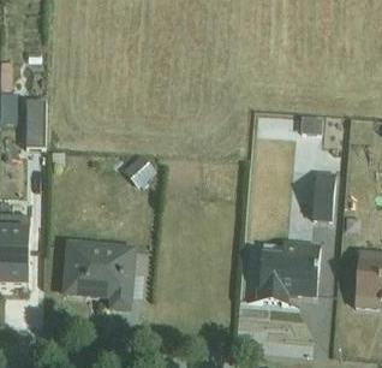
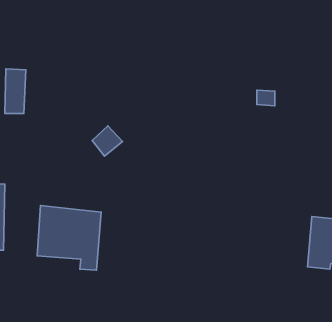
building: [310,171,334,222] -> none
building: [257,242,320,304] -> none

